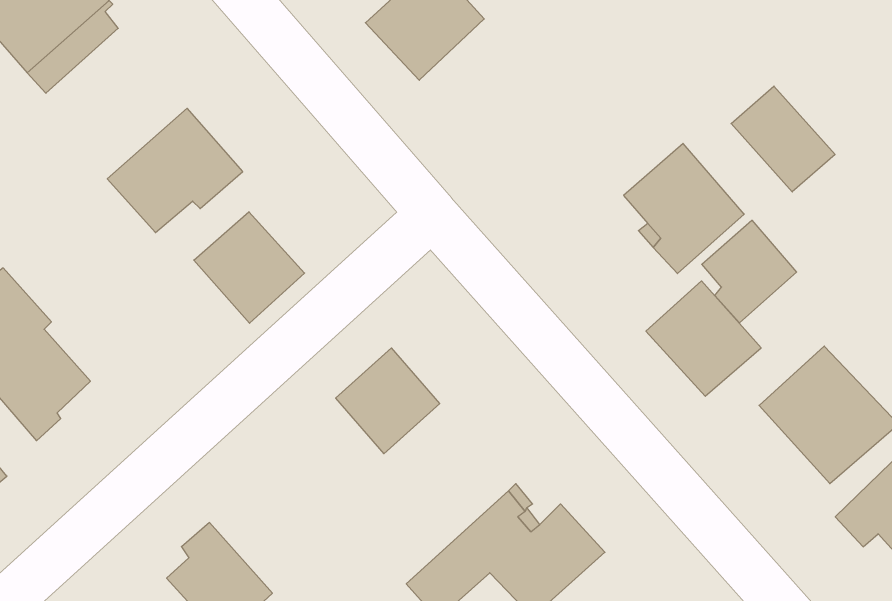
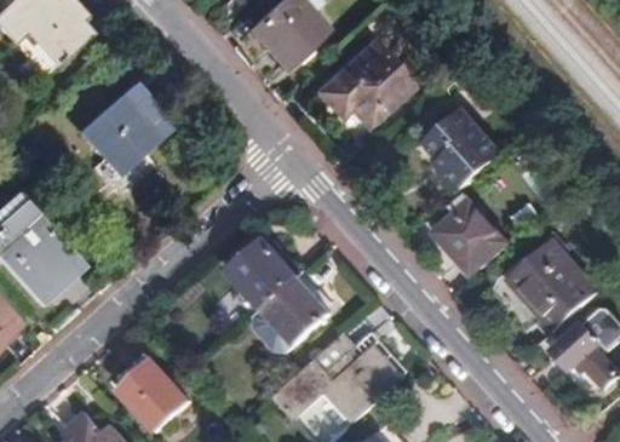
building: none -> [316,44,413,128]
building: [731,86,835,192] -> none
building: [194,212,305,323] -> none
building: [702,220,797,323] -> none
building: none -> [260,277,328,345]

